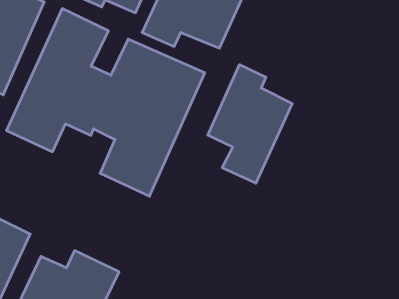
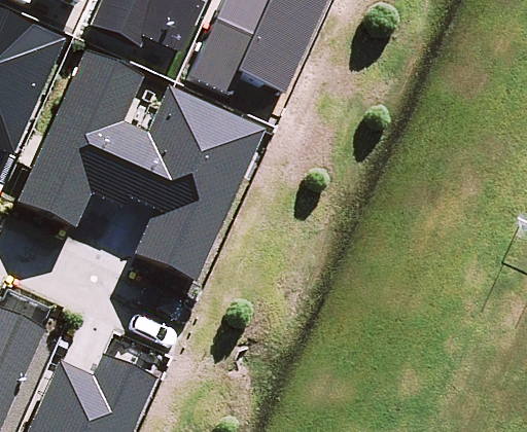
building: [208,65,292,183] -> none

